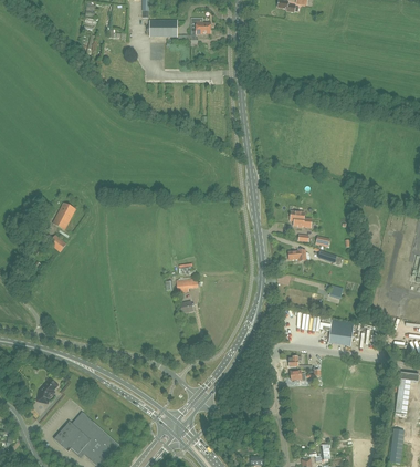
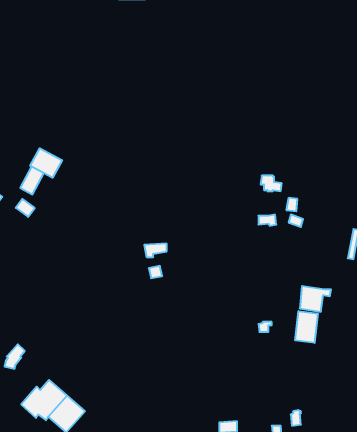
building: none -> [30,148,62,178]
building: none -> [295,311,318,343]

